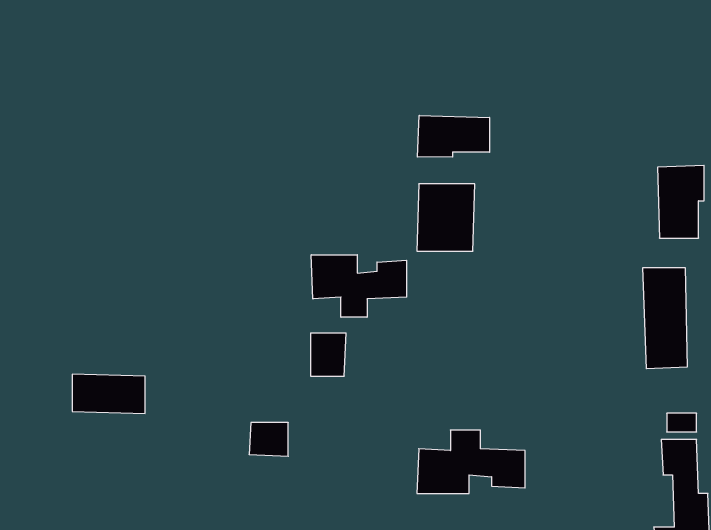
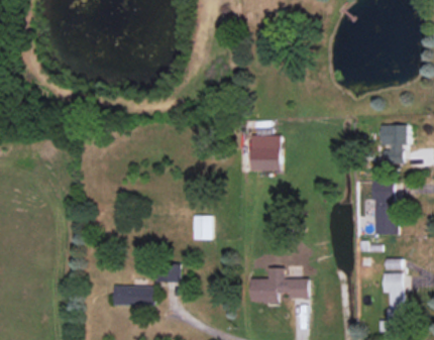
building: [417,115,490,157] -> none
building: [311,255,407,317] -> none
building: [72,374,145,413] -> [113,285,152,306]

